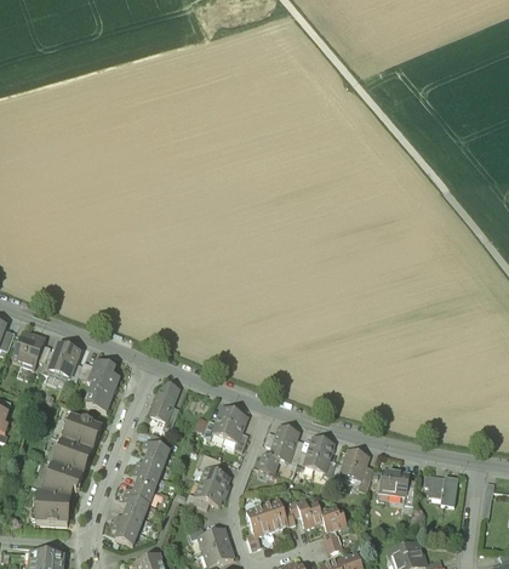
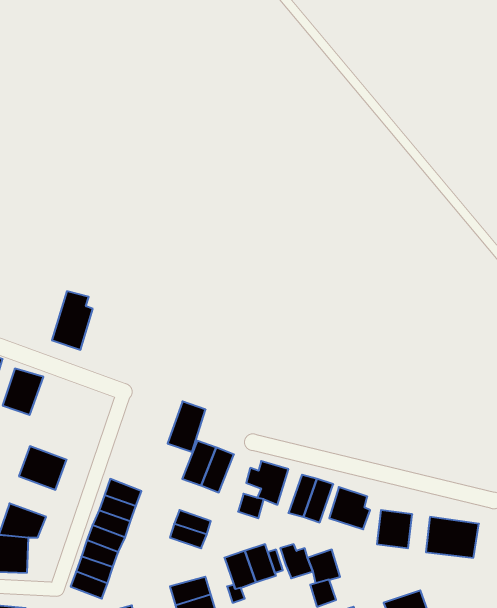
building: [82,360,119,412] -> [52,291,93,350]
building: [147,380,181,425] -> [168,401,206,452]
building: [52,437,93,473] -> none

